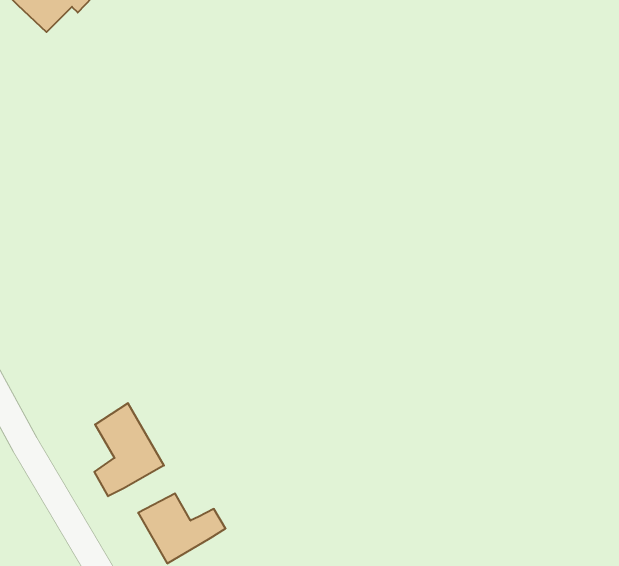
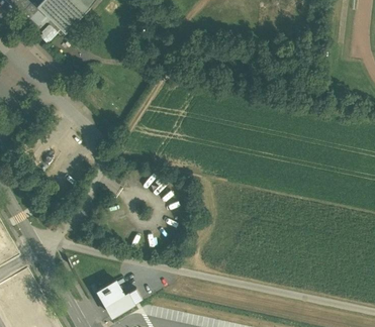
building: [94,403,164,496] -> none

